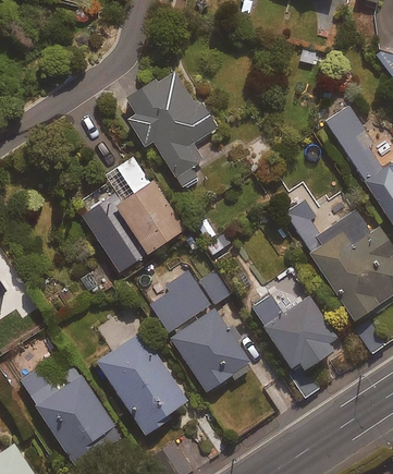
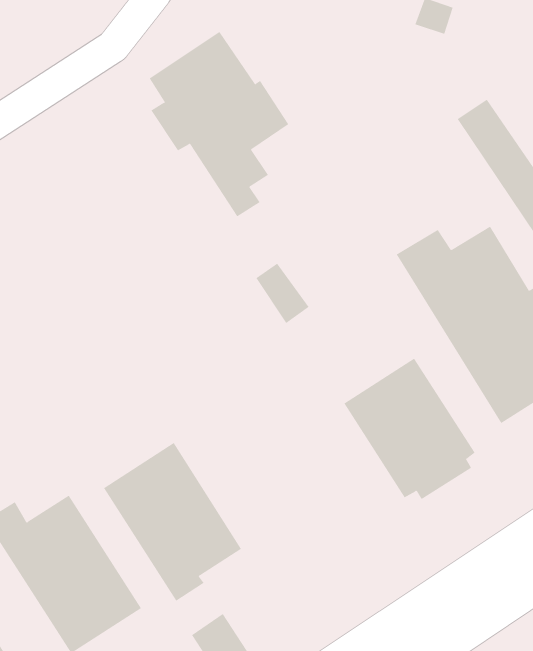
building: [82,158,183,272] -> none
building: [146,268,253,392] -> none

